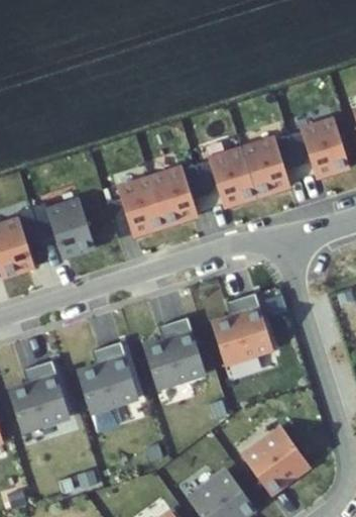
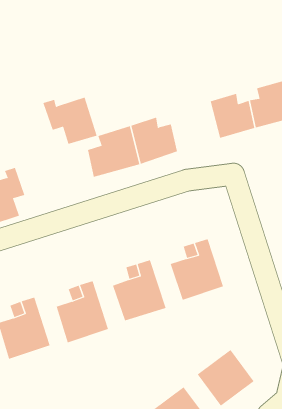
building: [211,136,266,195] -> none
building: [30,206,94,262] -> [43,97,98,145]

